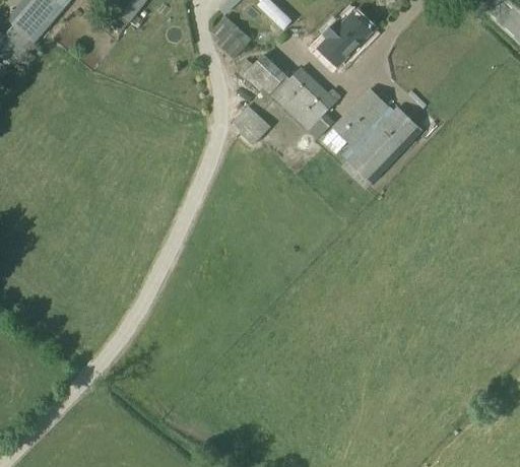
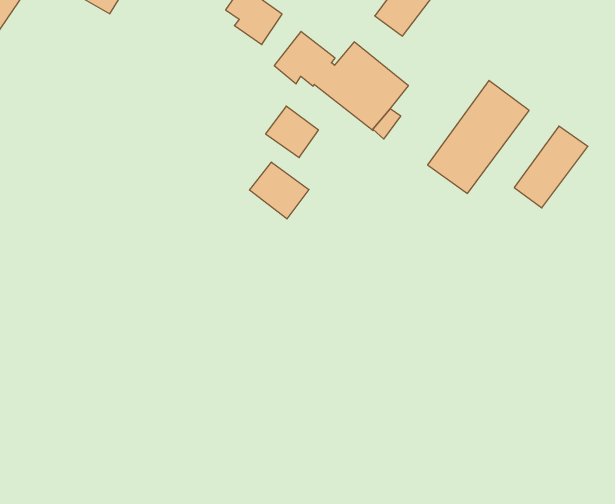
building: [332,88,389,146] -> [514,126,588,208]
building: none -> [249,162,309,219]

